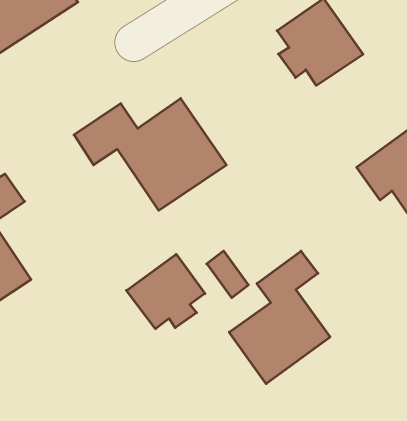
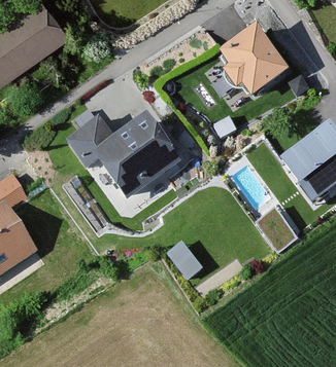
building: [229,251,330,384] -> none
building: [126,254,205,329] -> none

